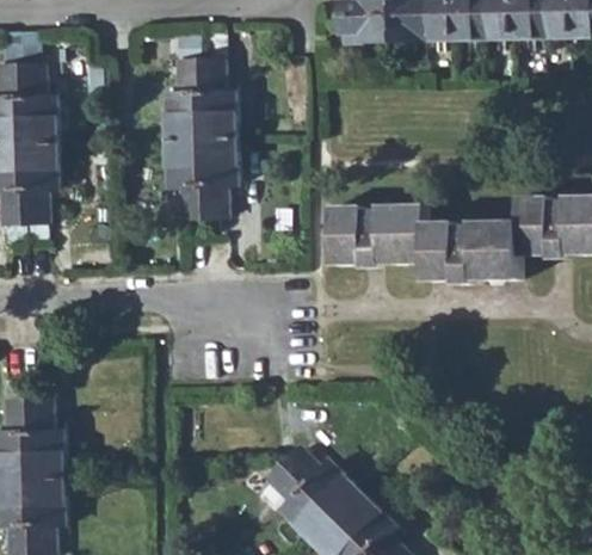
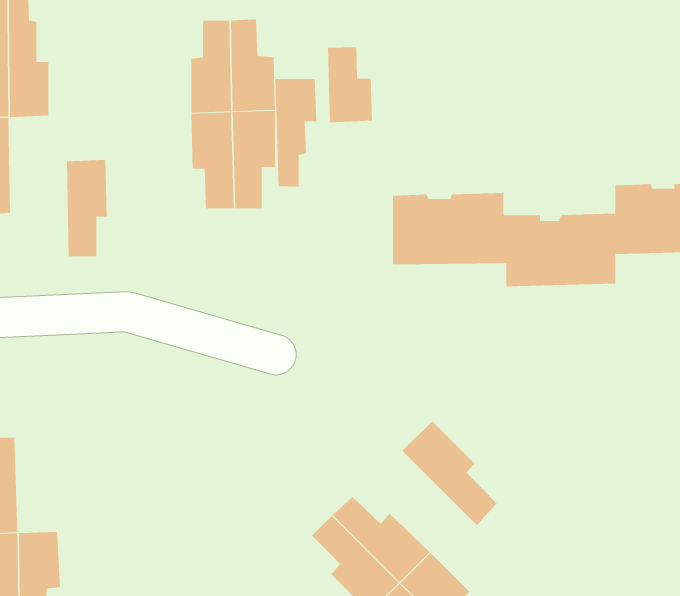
building: none -> [327,47,372,123]
building: none -> [275,78,317,187]
building: [21,141,55,220] -> [66,160,107,257]
building: none -> [402,421,498,526]
building: [26,400,61,479] -> none

